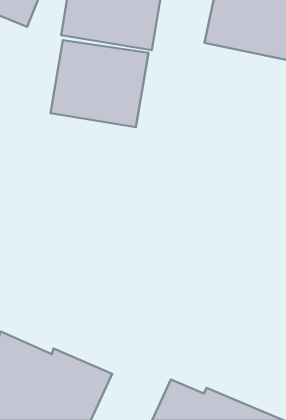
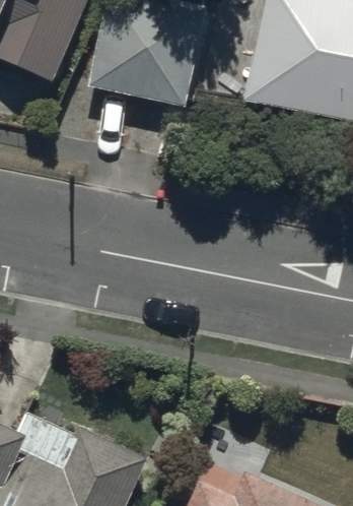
building: [51,40,148,127] -> none

